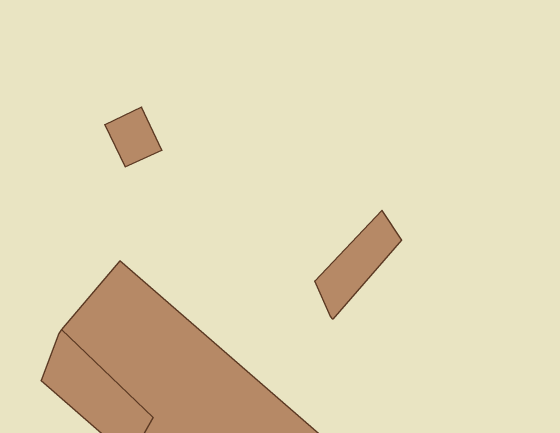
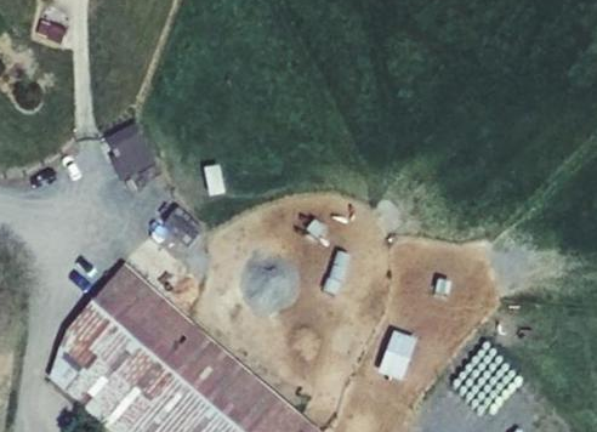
building: [315,210,402,319] -> none

